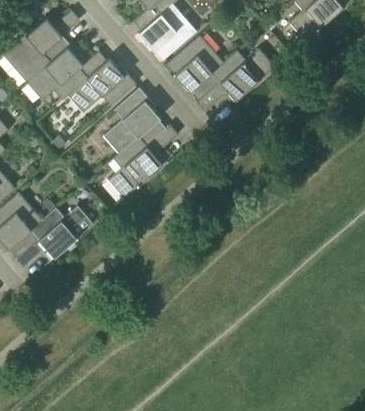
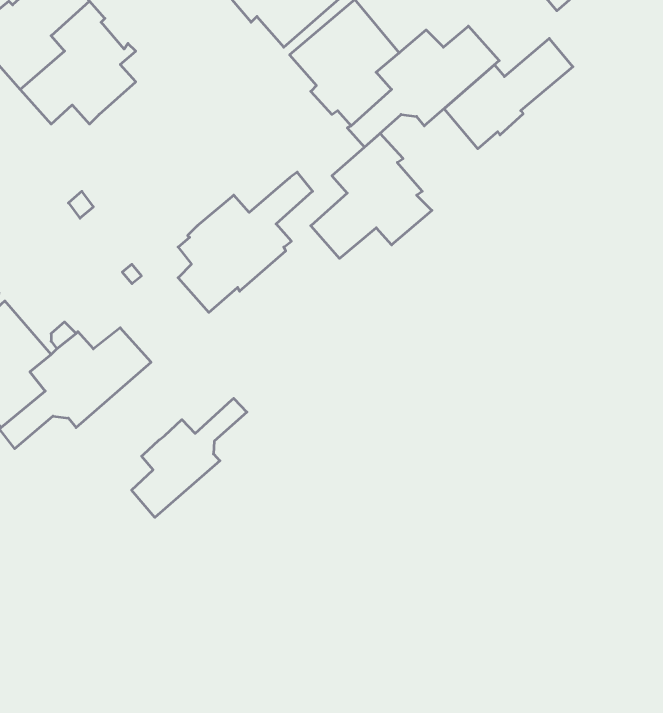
building: [66,50,135,111] -> none
building: none -> [444,38,573,149]
building: [102,87,165,152] -> [311,134,432,258]
building: none -> [132,398,247,517]

